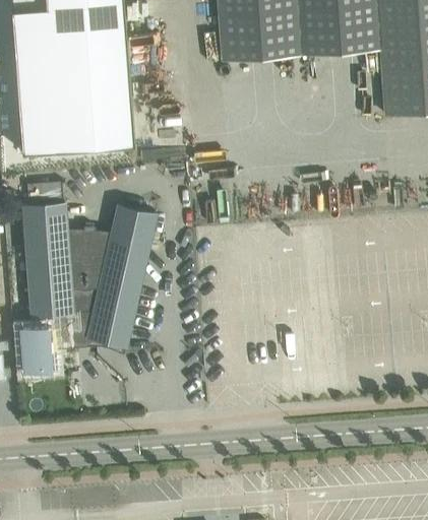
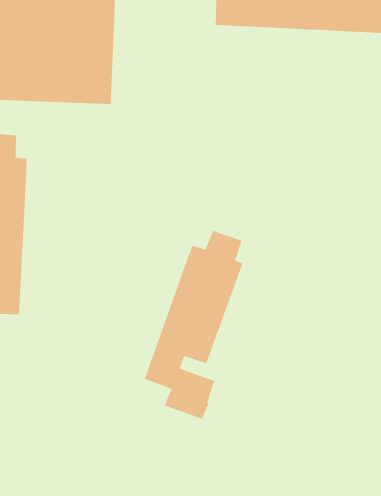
building: [66,205,155,354] -> none
building: none -> [144,230,243,419]

